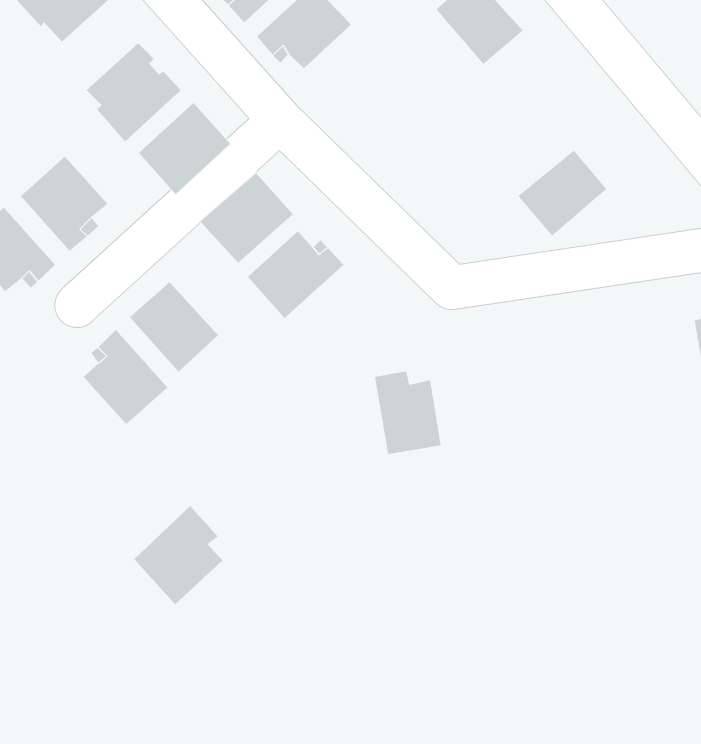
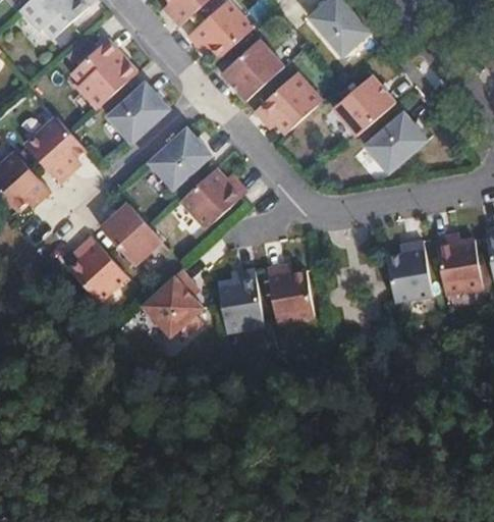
building: none -> [221,38,284,101]
building: none -> [255,74,320,133]
building: none -> [333,74,395,135]
building: none -> [435,233,481,292]
building: none -> [387,241,432,301]
building: none -> [218,269,264,329]
building: [133,505,223,605] -> [142,268,203,336]

